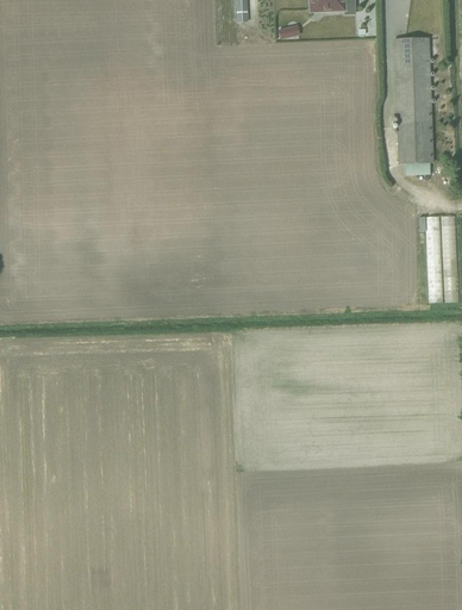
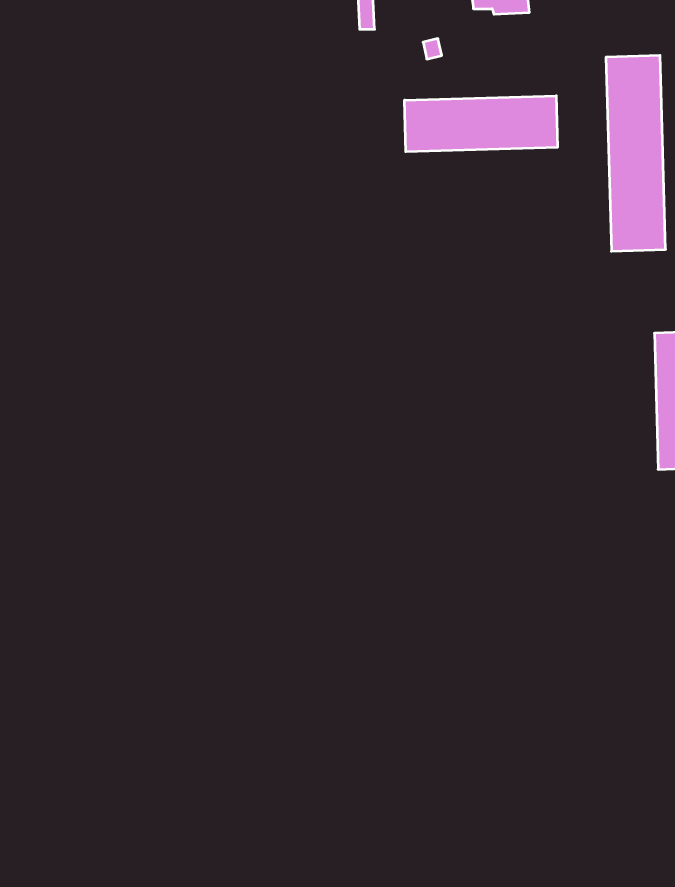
building: none -> [405,96,557,152]

